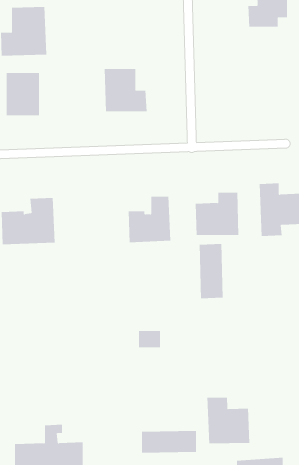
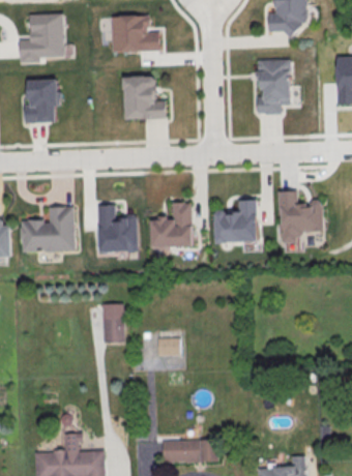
building: none -> [112,14,160,52]
building: none -> [257,59,291,115]
building: none -> [95,207,137,254]
building: [199,243,223,299] -> none
building: none -> [101,303,124,343]
building: [207,397,250,444] -> none

